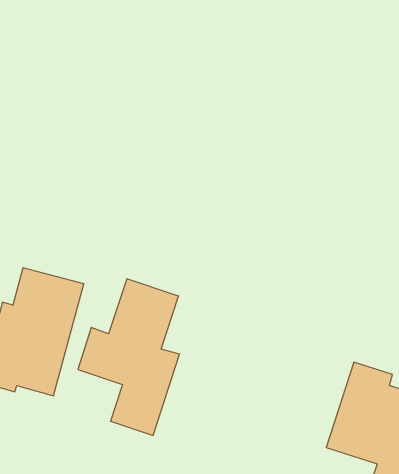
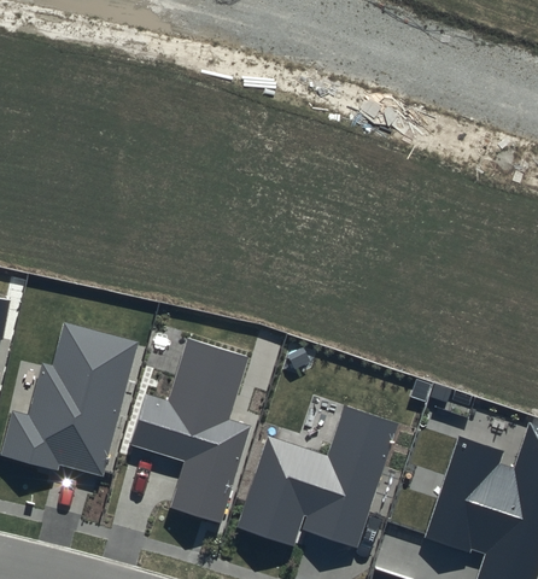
building: none -> [238,408,398,548]

